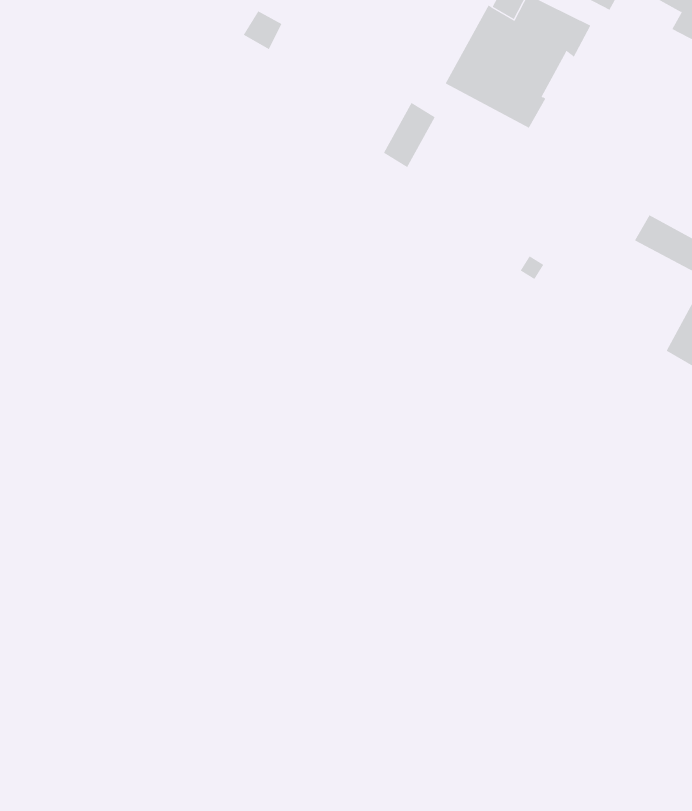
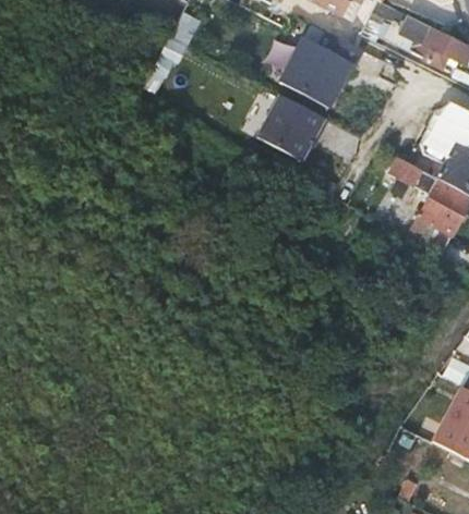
building: none -> [256,96,327,162]

